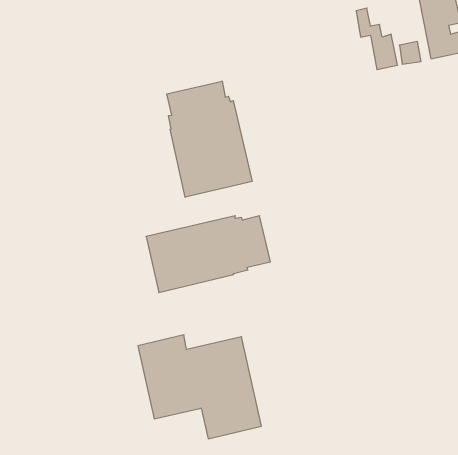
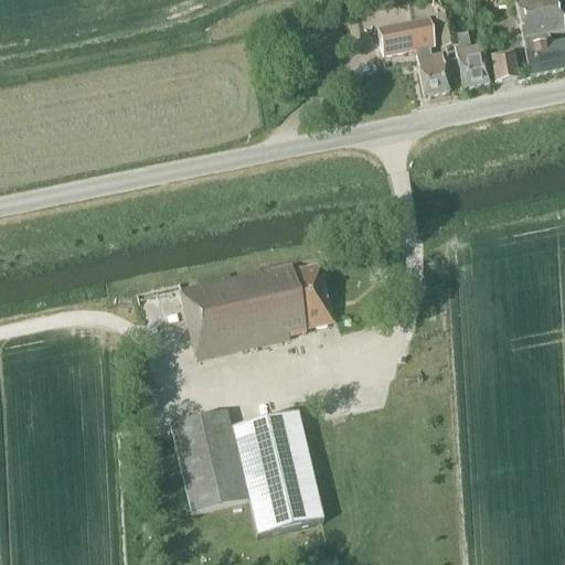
building: none -> [379,17,449,93]
building: [167,81,252,197] -> none

